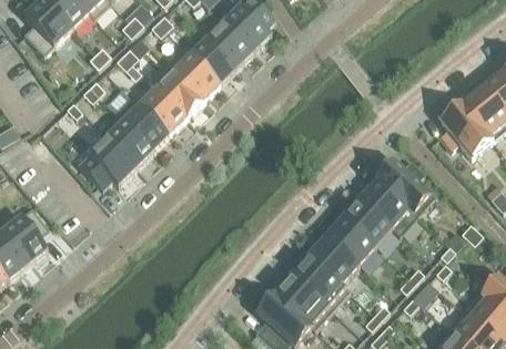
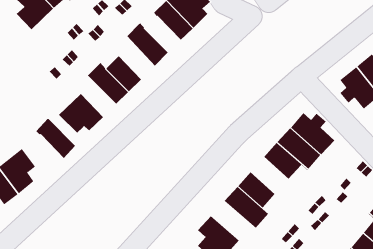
building: [188,38,234,84] -> none
building: [145,63,201,119] -> none
building: [99,115,151,167] -> [35,118,76,159]
building: [324,218,373,266] -> none
building: [273,275,331,329] -> none

